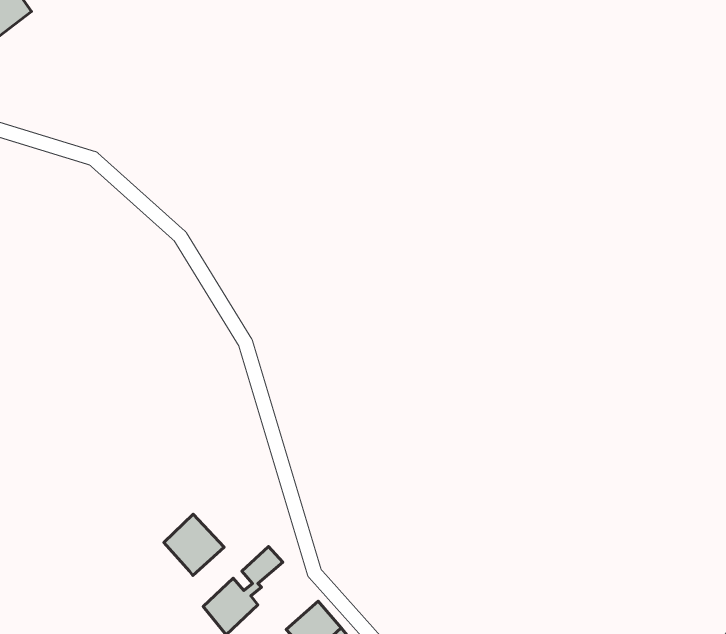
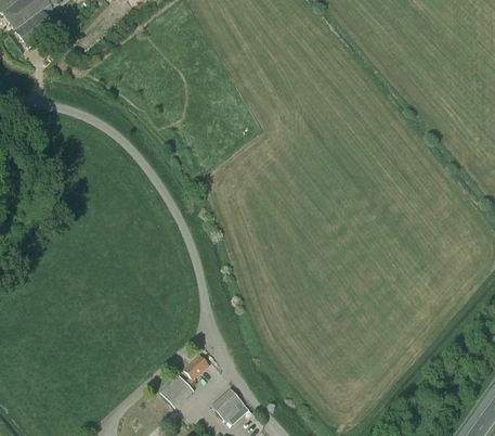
building: [164,514,224,575] -> none

